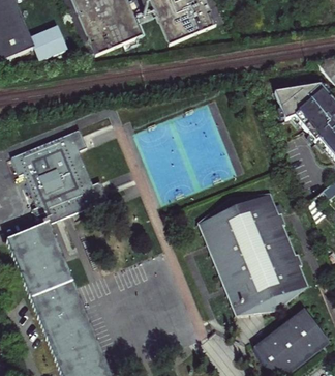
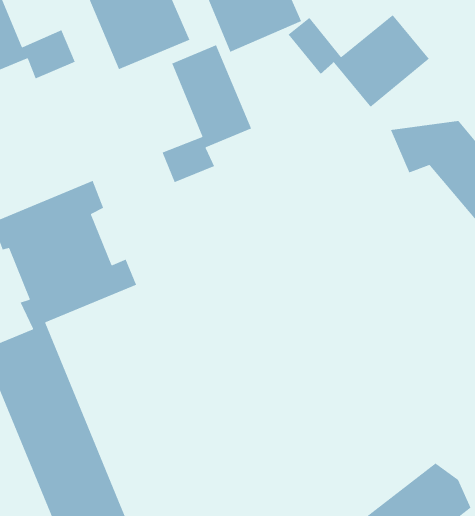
building: none -> [288,14,430,108]
building: none -> [162,44,252,183]
building: [202,193,305,312] -> none

